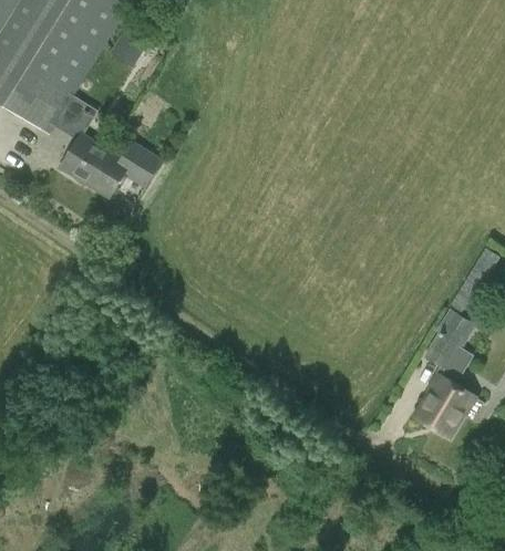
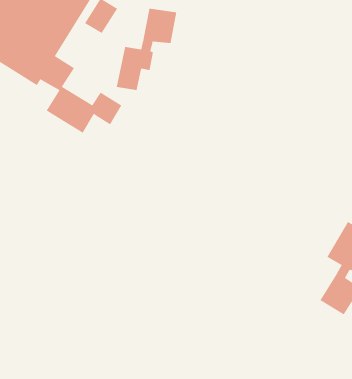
building: none -> [116,8,177,91]

